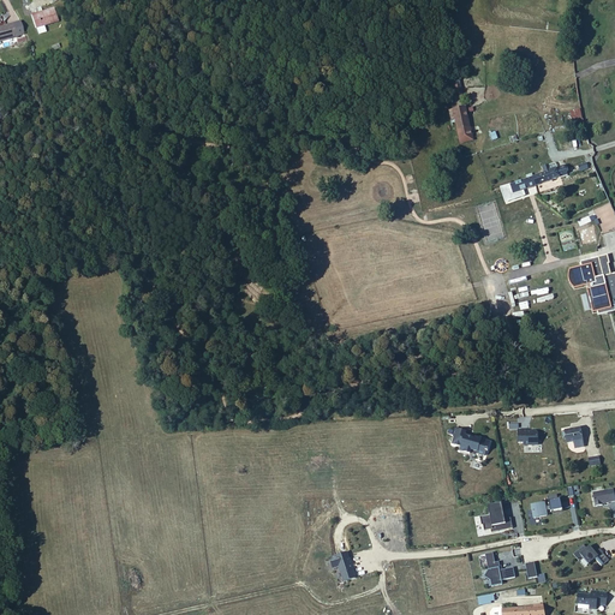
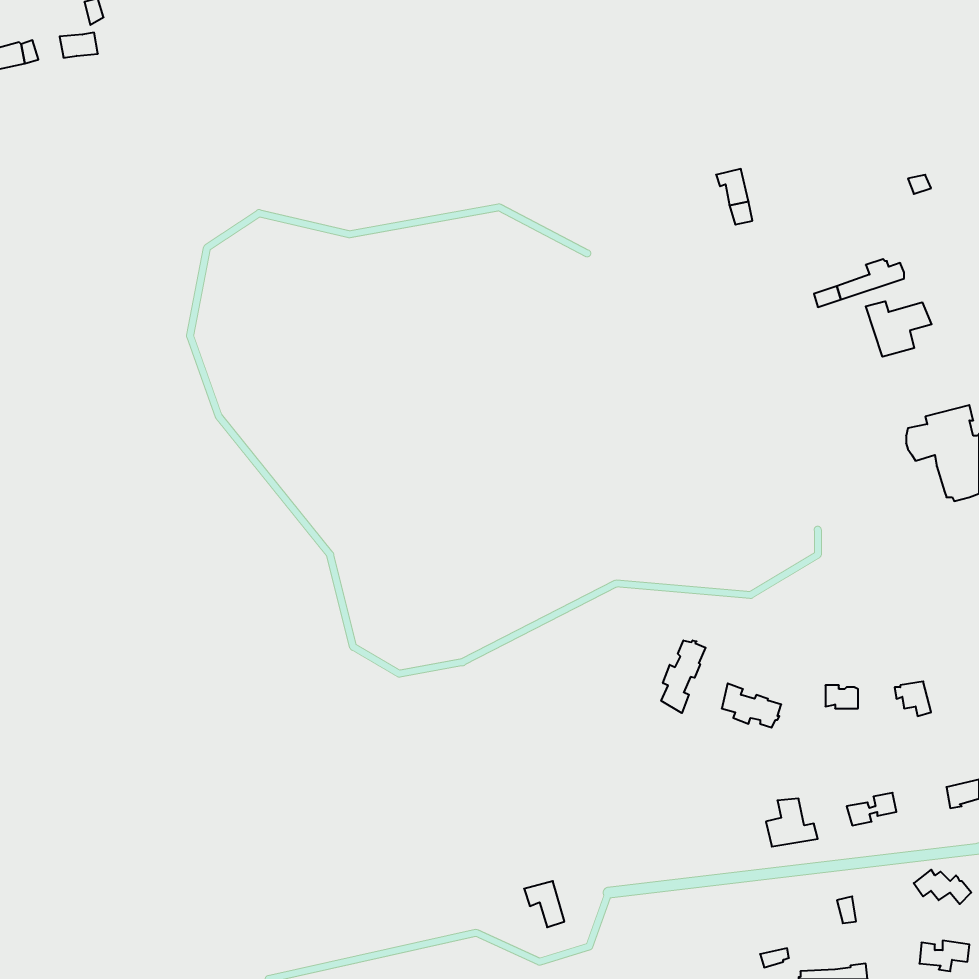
building: none -> [866,301,932,357]
building: none -> [661,640,706,713]
building: [479,551,514,585] -> none

